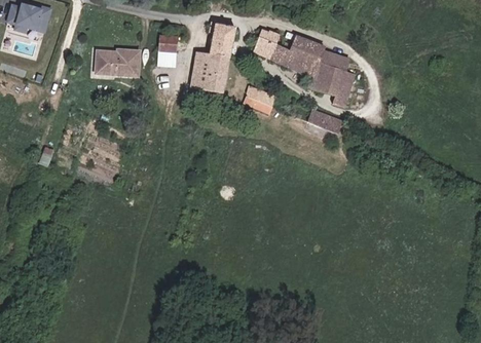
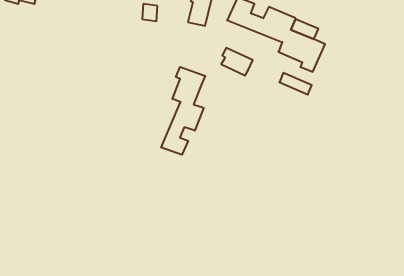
building: [90,48,141,78] -> none
building: [190,49,228,92] -> none
building: none -> [161,67,205,155]

